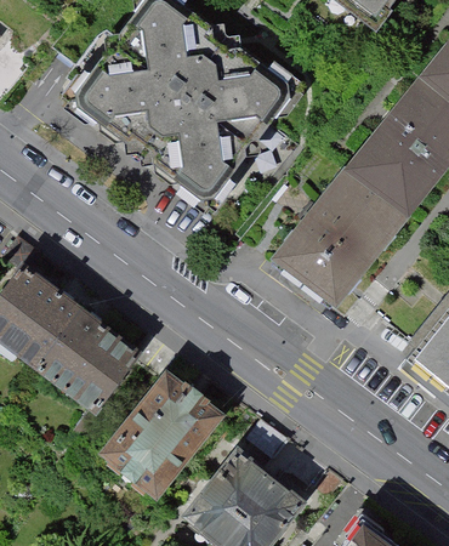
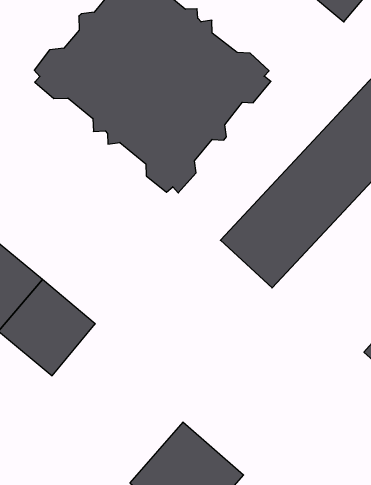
building: [106,377,226,502] -> none

